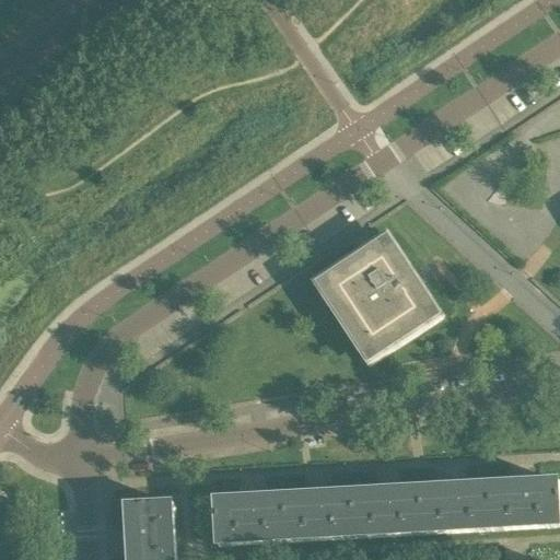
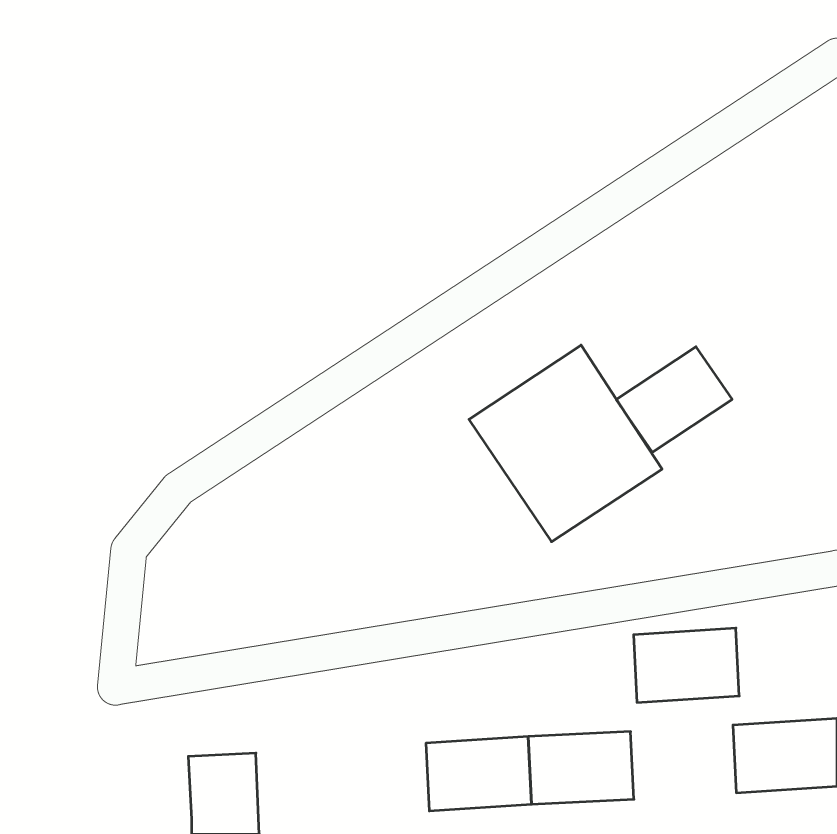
building: none -> [616,347,732,452]
building: [418,480,488,529] -> [634,628,739,702]
building: [213,492,284,540] -> none

